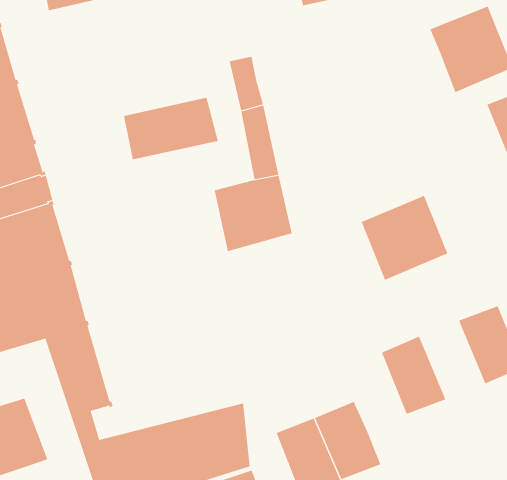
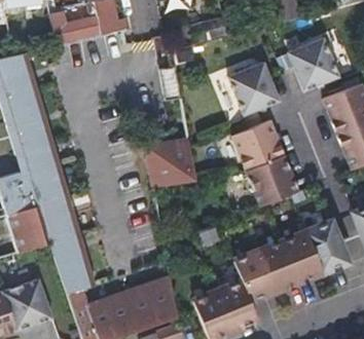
building: none -> [228,63,280,116]
building: [123,97,219,160] -> none
building: none -> [232,120,285,172]
building: none -> [282,232,322,280]
building: none -> [233,252,274,300]

